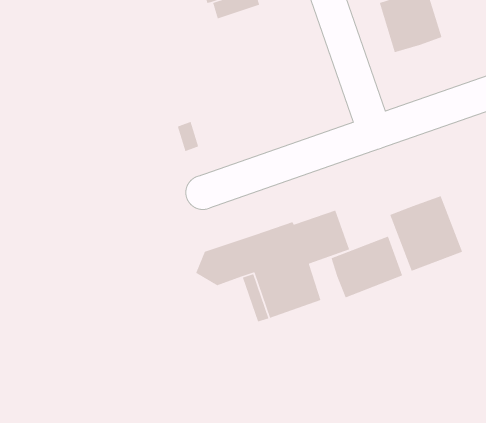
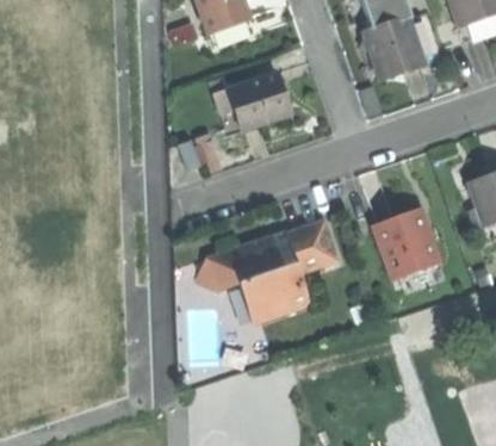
building: none -> [215,74,292,137]
building: [330,235,403,298] -> none

